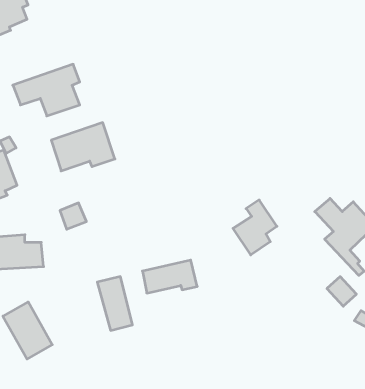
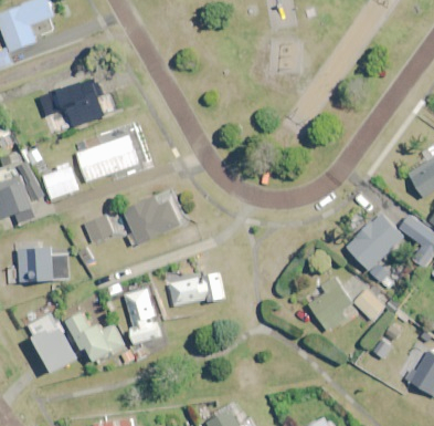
building: none -> [41,162,76,199]
building: none -> [123,196,181,245]
building: [233,200,277,255] -> [307,277,351,332]
building: none -> [65,312,123,361]

